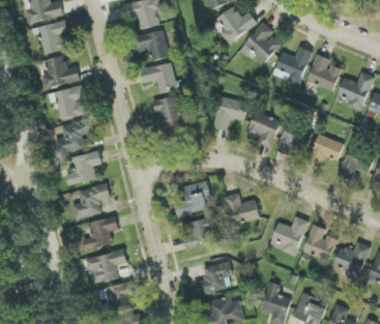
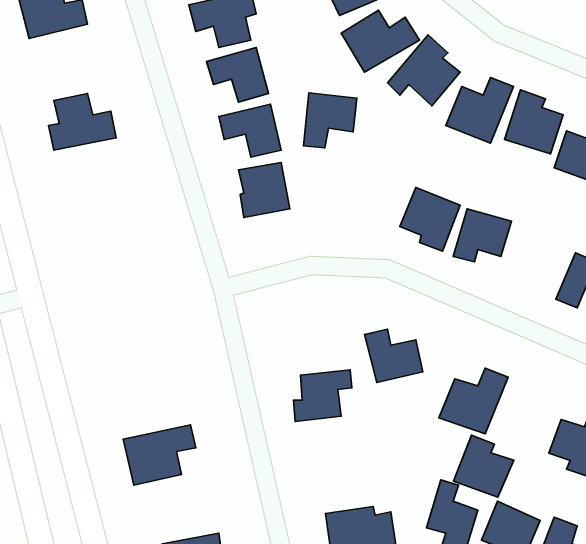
building: [35,20,68,55] -> none
building: [48,85,85,120] -> none
building: [214,97,245,129] -> [304,93,357,148]
building: [58,119,93,153] -> none
building: [306,134,344,169] -> none
building: [64,150,101,185] -> none
building: [171,181,210,217] -> none
building: [71,184,110,218] -> none
building: [83,215,118,249] -> none
building: [302,225,338,261] -> [454,435,514,497]
building: [194,261,232,296] -> none
building: [105,279,137,310] -> none

